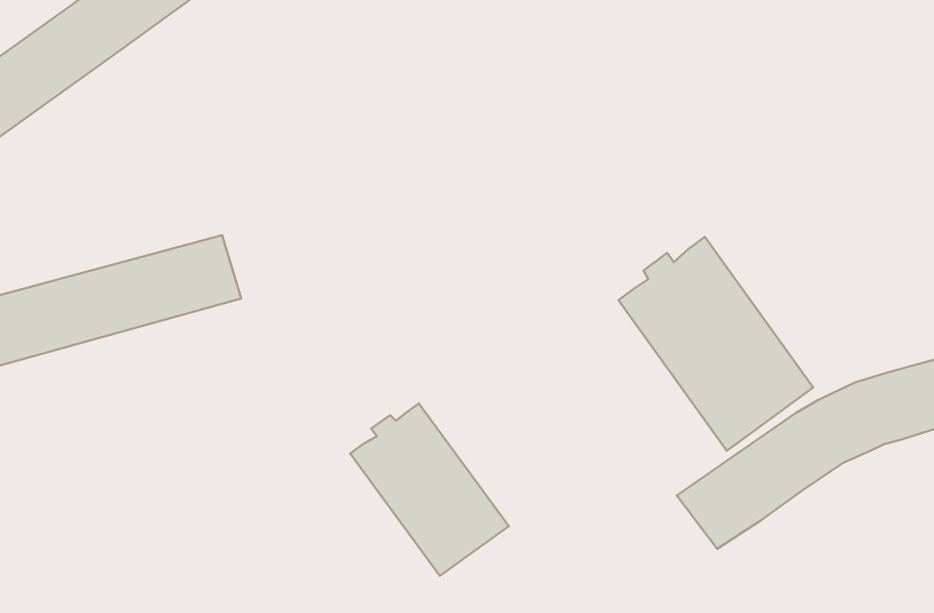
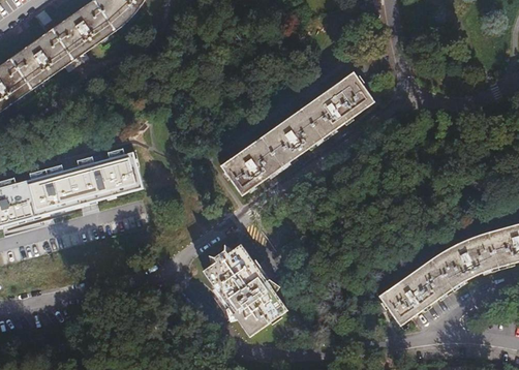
building: none -> [222,73,376,197]
building: [619,237,813,451] -> none

